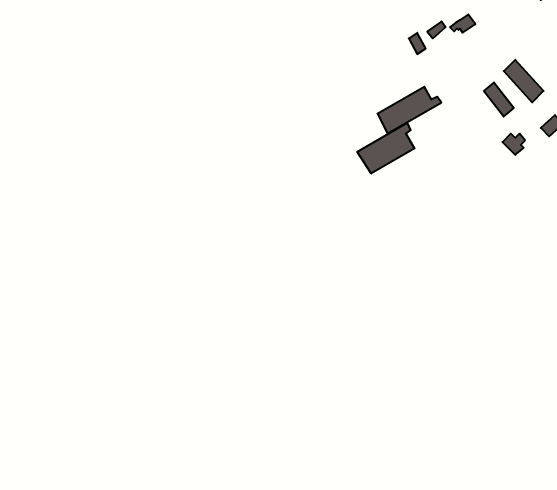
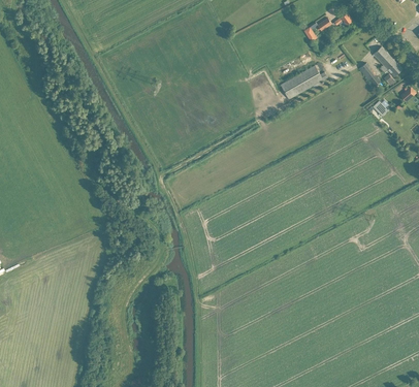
building: [357,123,415,174] -> none

